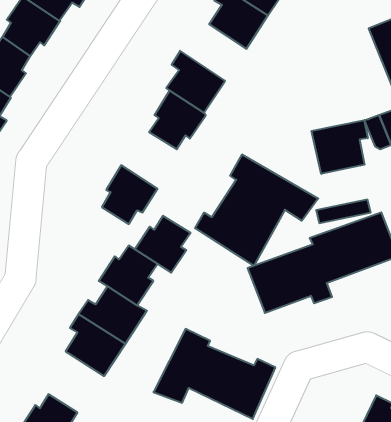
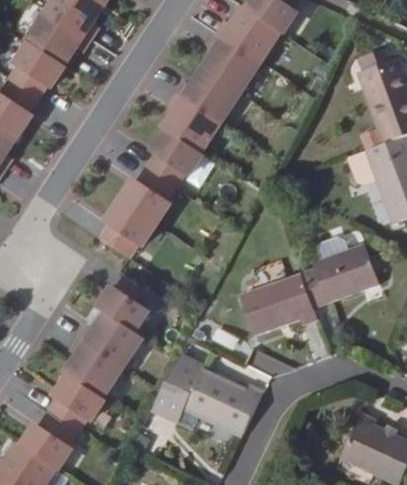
building: none -> [177,66,239,119]
building: [312,120,368,174] -> none
building: [195,154,318,266] -> none
building: [135,216,191,273] -> [122,167,174,220]
building: none -> [54,374,108,429]

